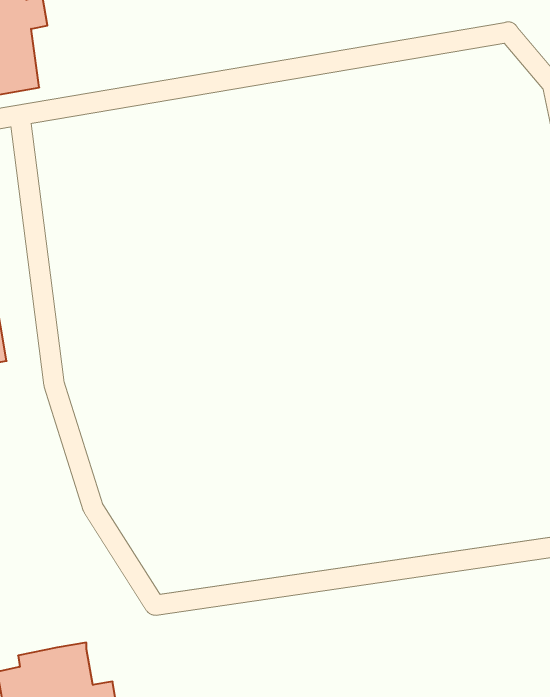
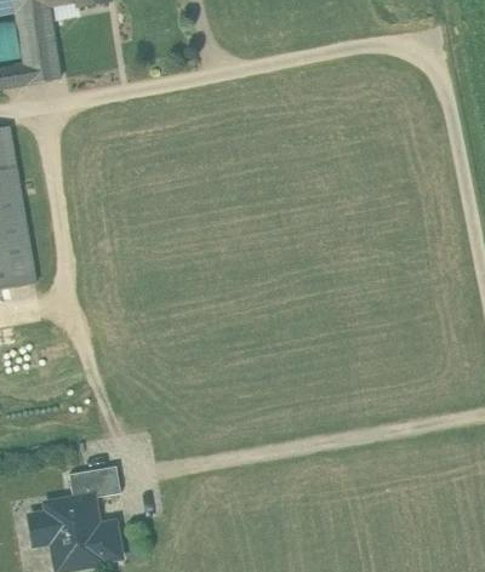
building: none -> [69,467,121,497]

